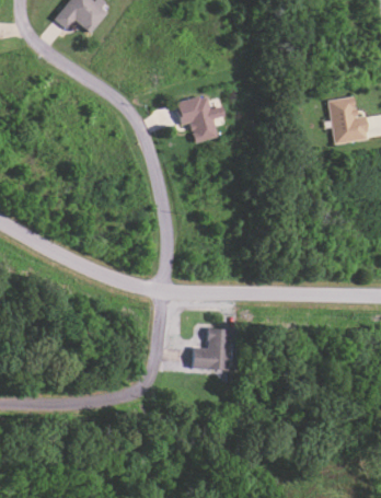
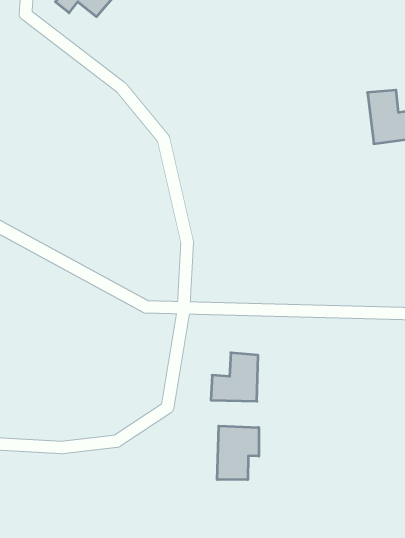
building: [176,94,223,142] -> none
building: none -> [217,426,259,480]

